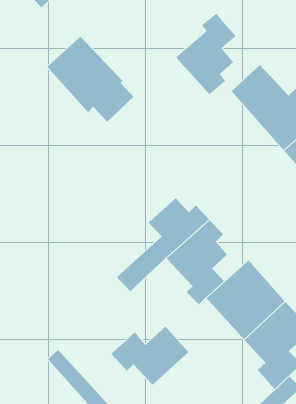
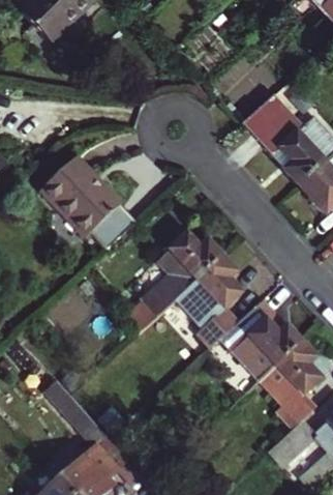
building: [175,13,236,95] -> none
building: [46,36,134,123] -> [37,165,128,255]
building: [110,326,189,386] -> none

